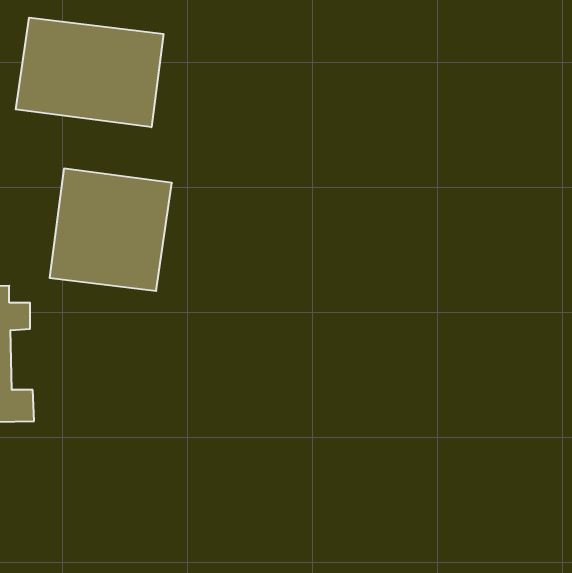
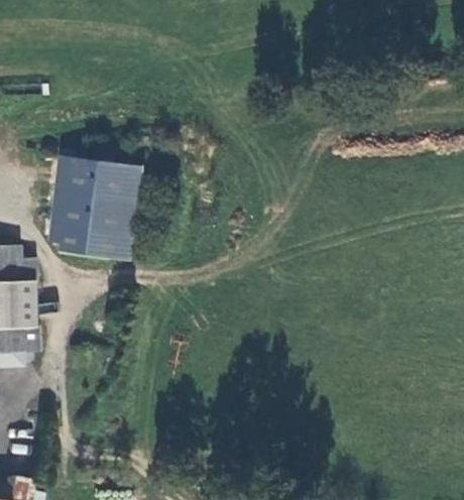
building: [16,18,163,127] -> none

